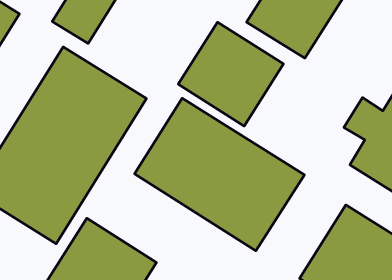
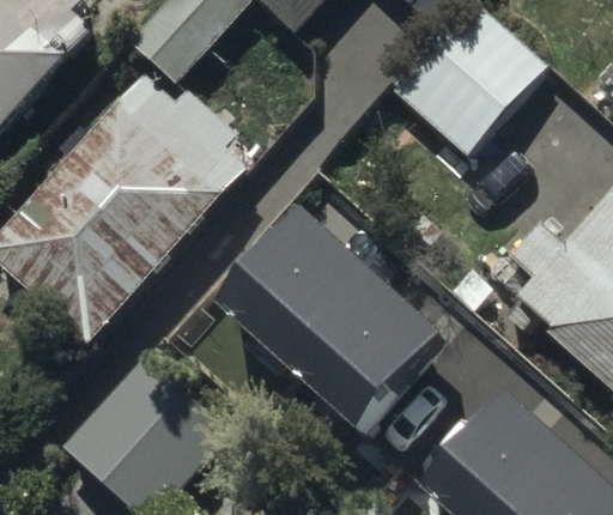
building: [178,22,283,126] -> none

